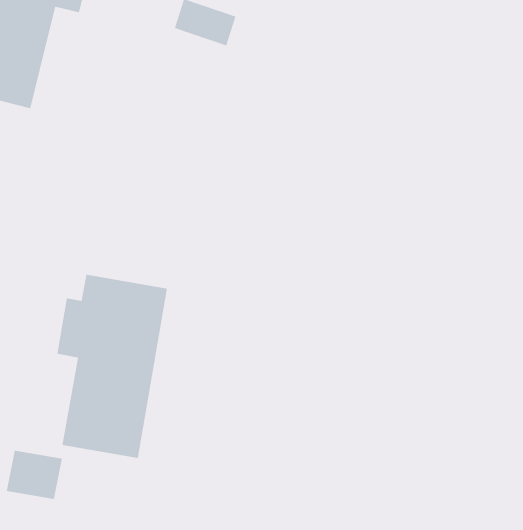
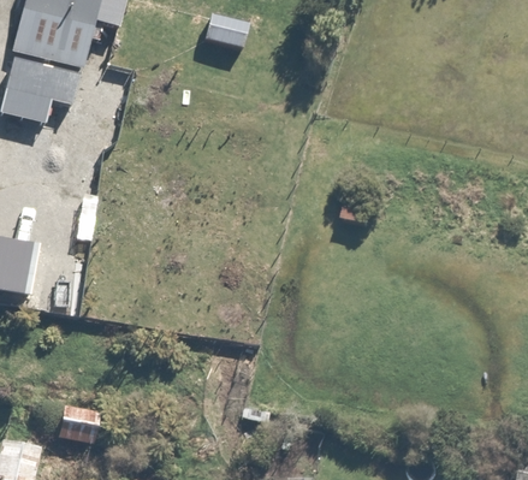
building: [56,274,168,459] -> none

